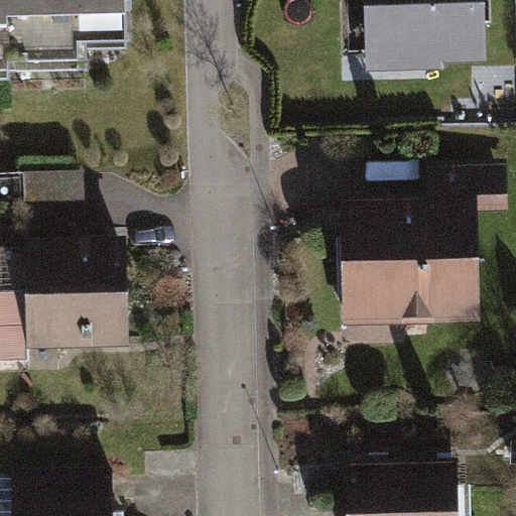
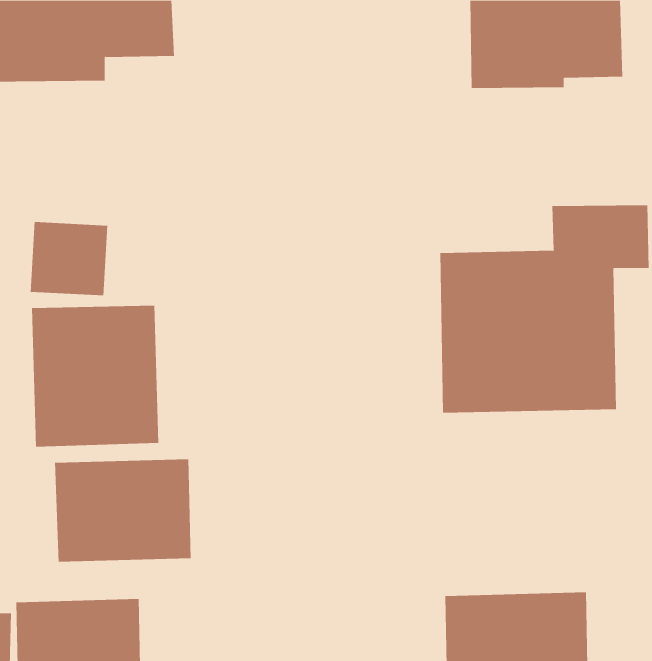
building: none -> [55,459,191,562]

